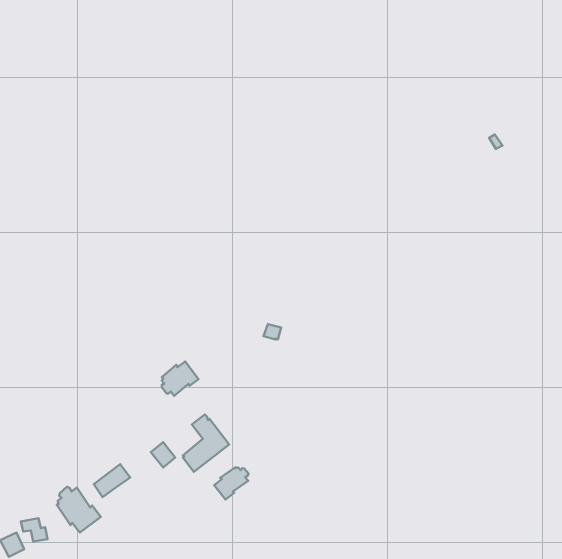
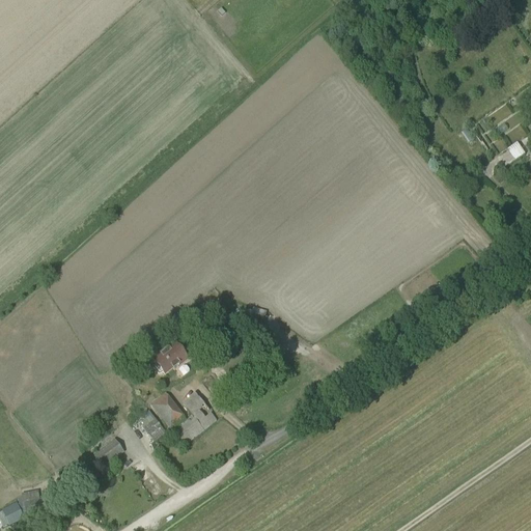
building: none -> [150,391,184,427]
building: [214,467,249,500] -> none
building: [57,487,101,533] -> none

